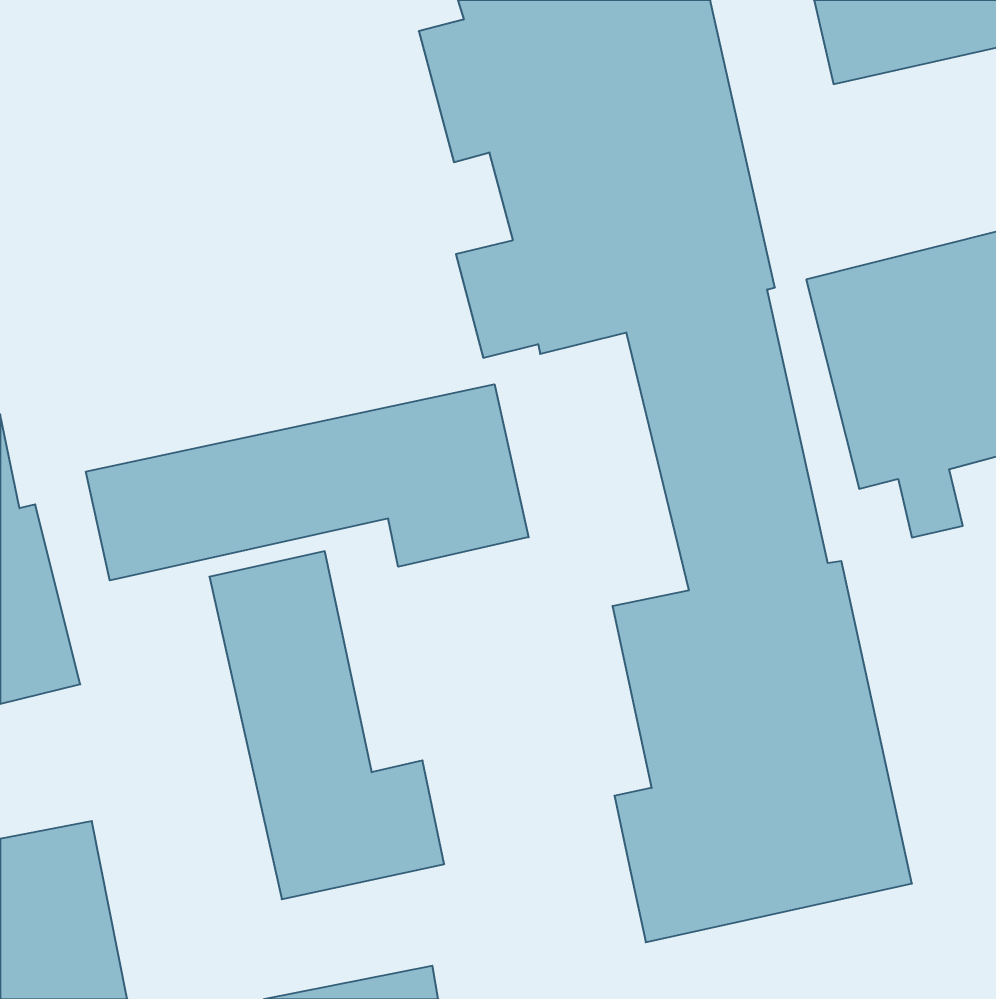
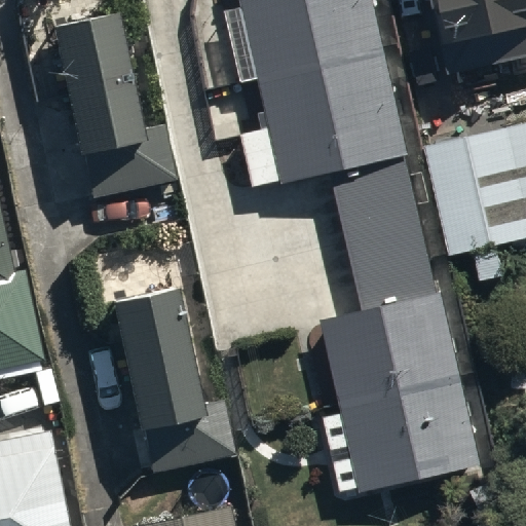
building: none -> [52,20,178,197]
building: [86,384,529,580] -> none

